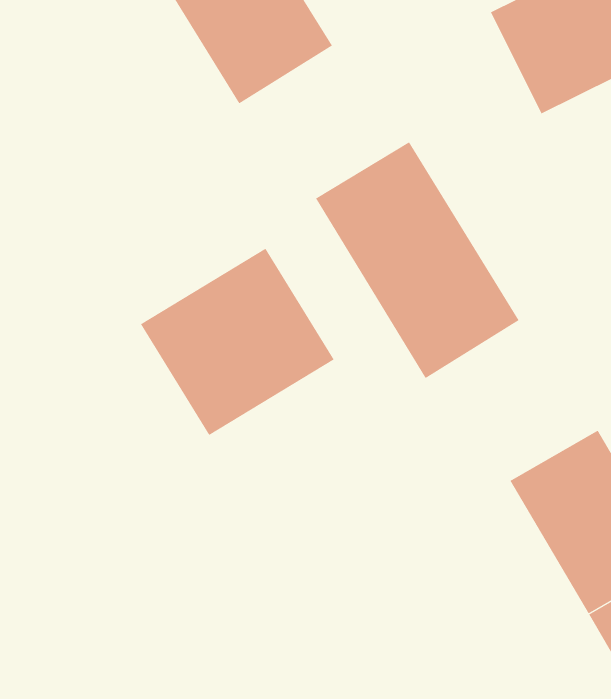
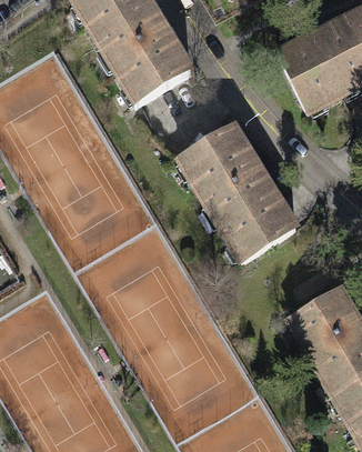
building: [140,248,335,436] -> none

